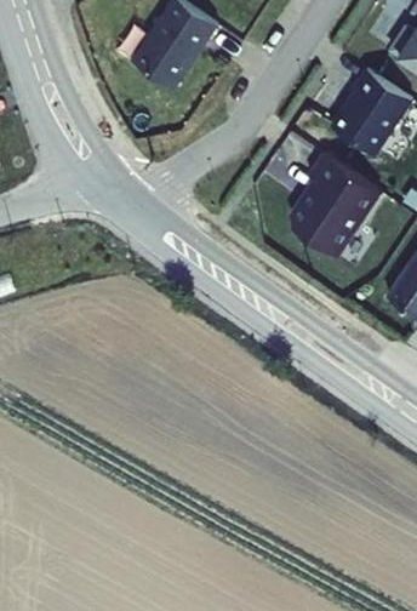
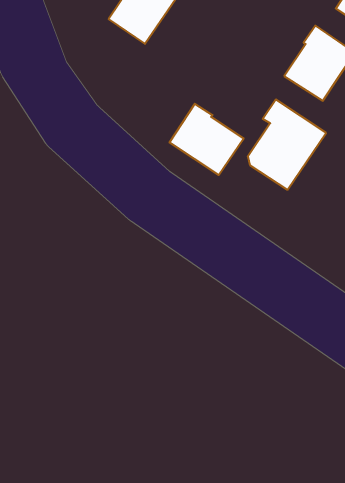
building: none -> [170,104,244,175]

